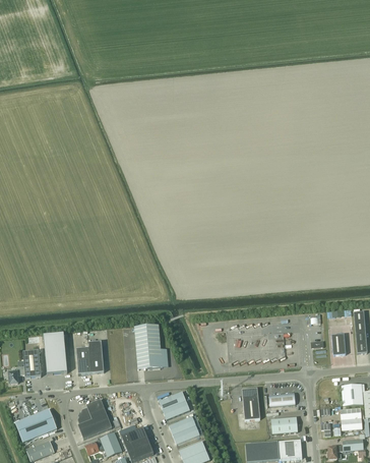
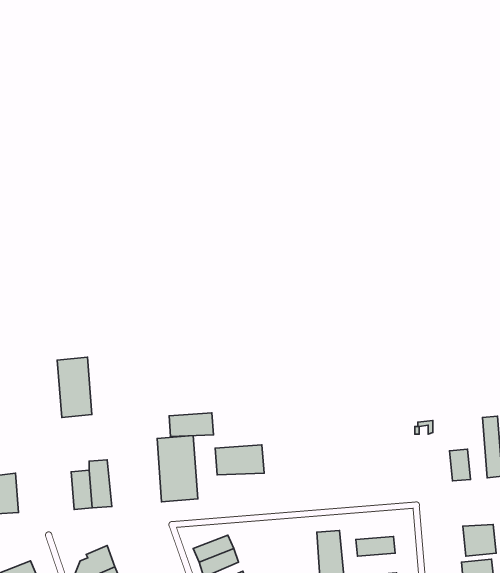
building: none -> [169,413,213,437]
building: none -> [215,445,264,475]
building: [44,333,67,373] -> [57,357,92,417]

